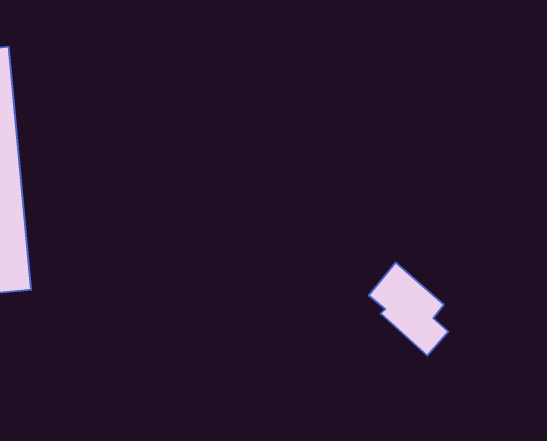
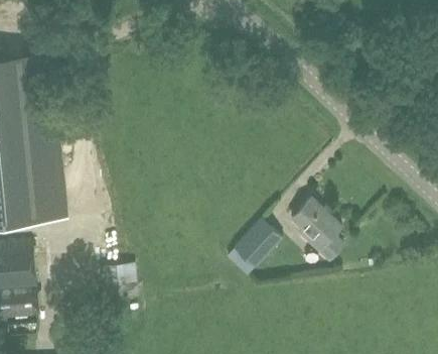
building: none -> [225,219,284,277]

